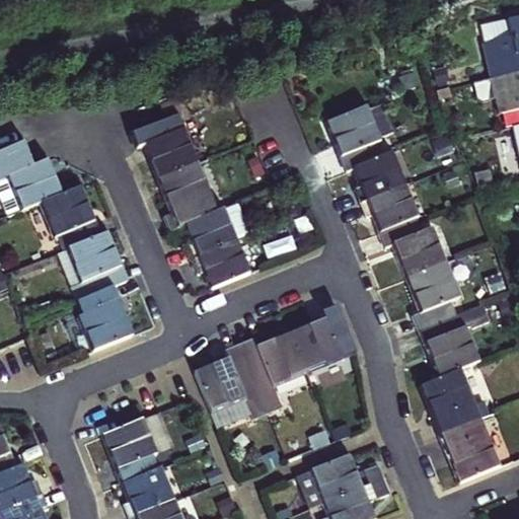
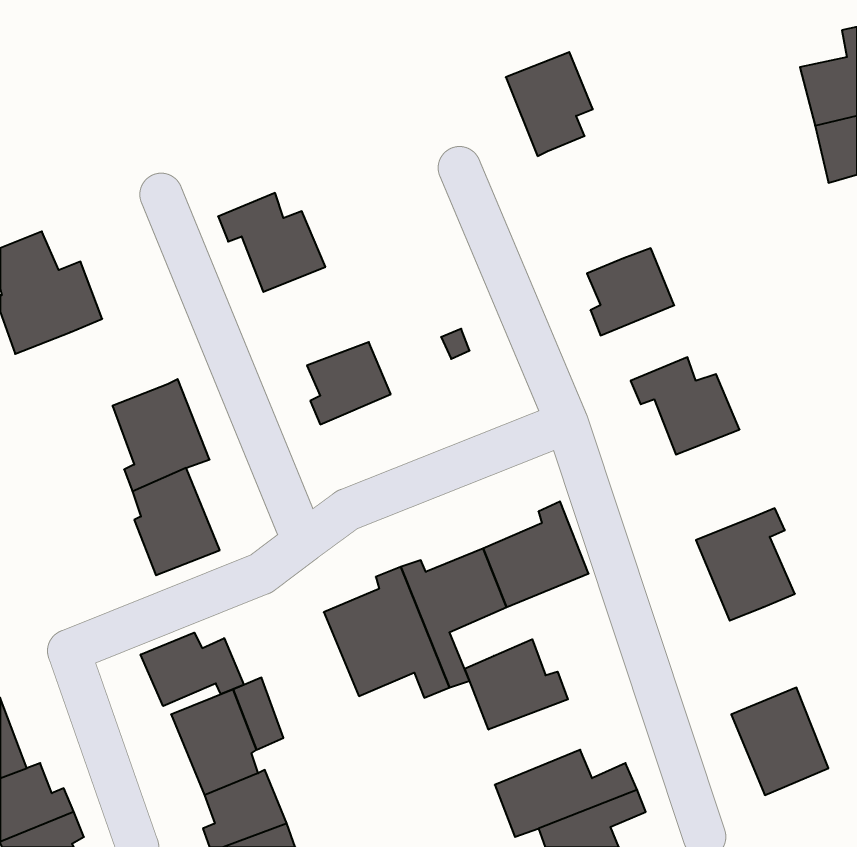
building: [329,105,382,168] -> [506,52,593,156]
building: [159,161,211,227] -> none
building: [43,184,101,247] -> none
building: [363,184,419,230] -> none
building: [194,238,250,286] -> none
building: [409,260,461,326] -> none
building: [423,367,491,432] -> none
building: none -> [141,633,244,706]
building: none -> [465,639,568,730]

